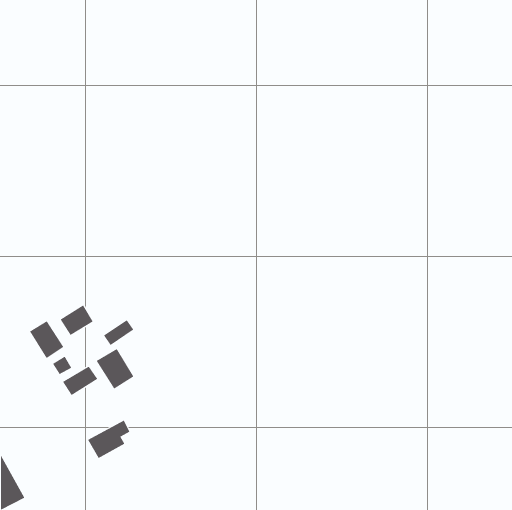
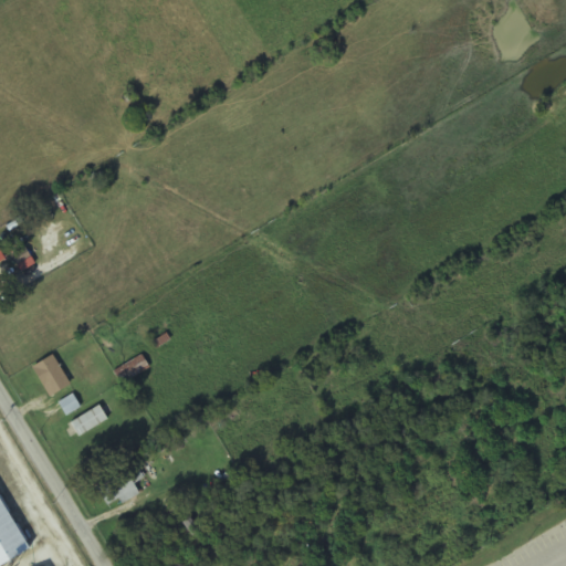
building: [60,304,94,336] -> none
building: [96,348,134,390] -> none

